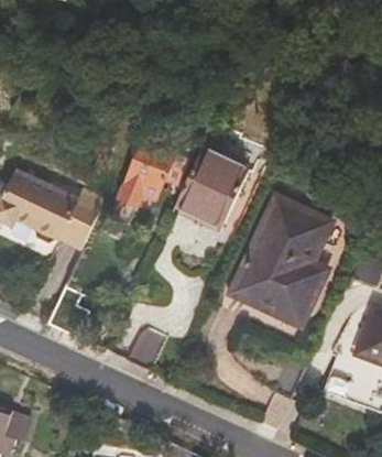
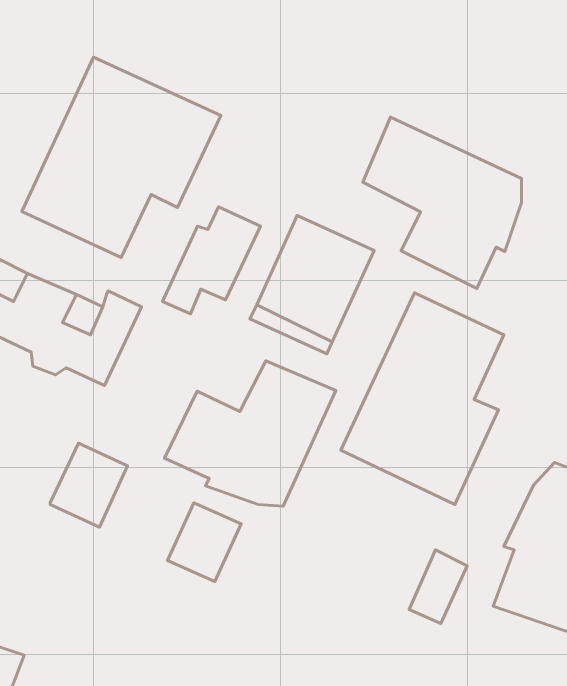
building: none -> [22,57,221,257]
building: none -> [363,117,522,288]
building: none -> [164,361,336,506]

